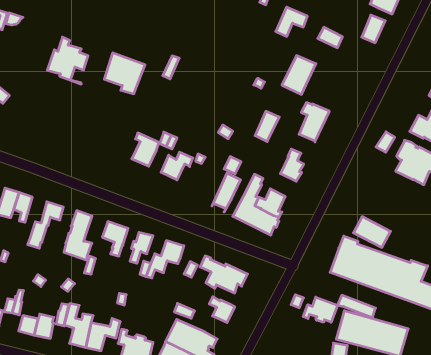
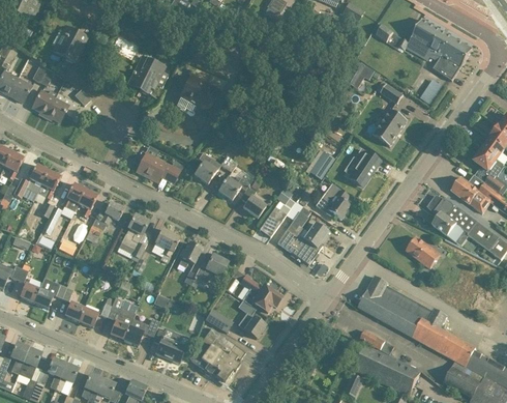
building: [282,56,316,94] -> [372,109,407,145]
building: none -> [136,154,181,178]
building: none -> [239,185,265,218]
building: [353,217,391,247] -> [406,236,440,267]
building: [303,297,338,322] -> none

